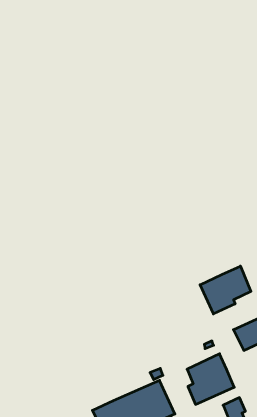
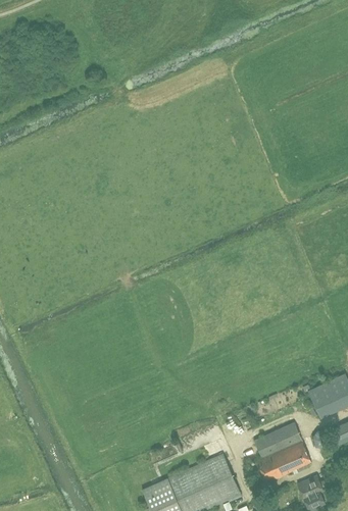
building: [200,266,251,314] -> none

